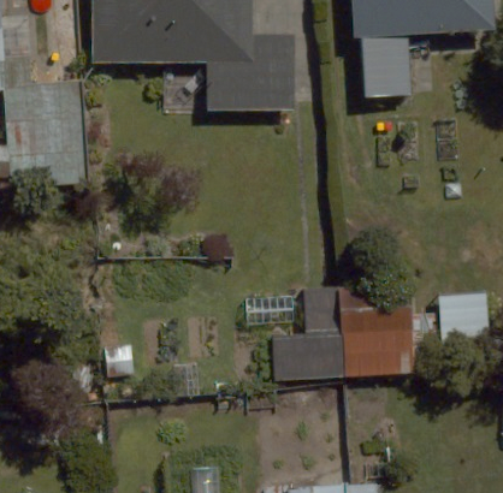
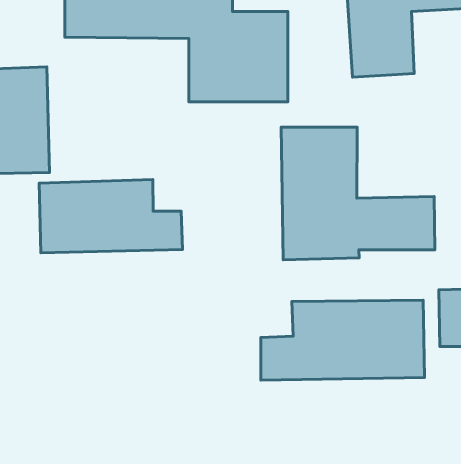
building: none -> [281,127,435,260]
building: none -> [39,180,183,253]

